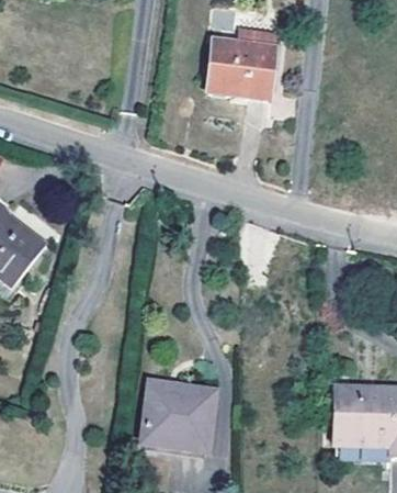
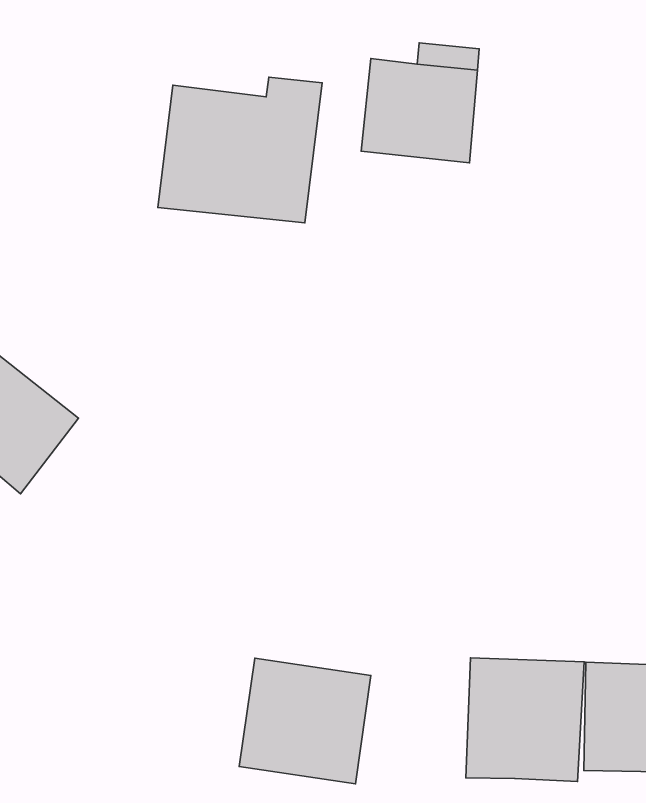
building: none -> [158,77,322,223]
building: none -> [466,658,584,782]

